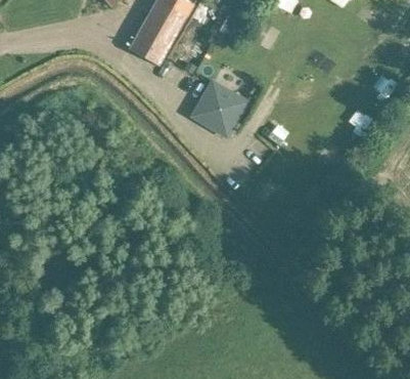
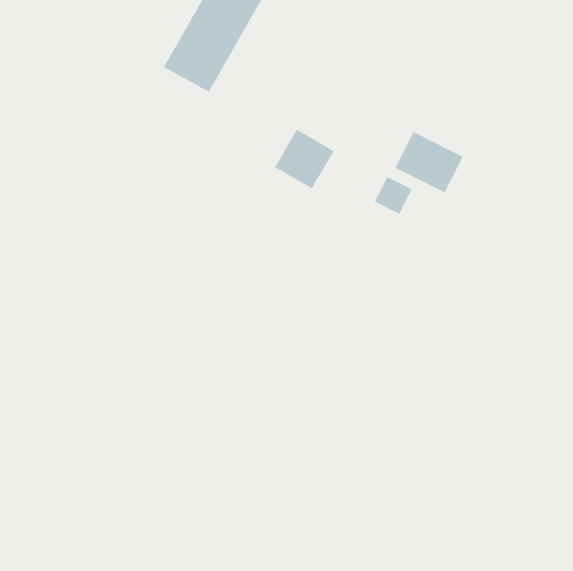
building: none -> [395,131,463,193]

